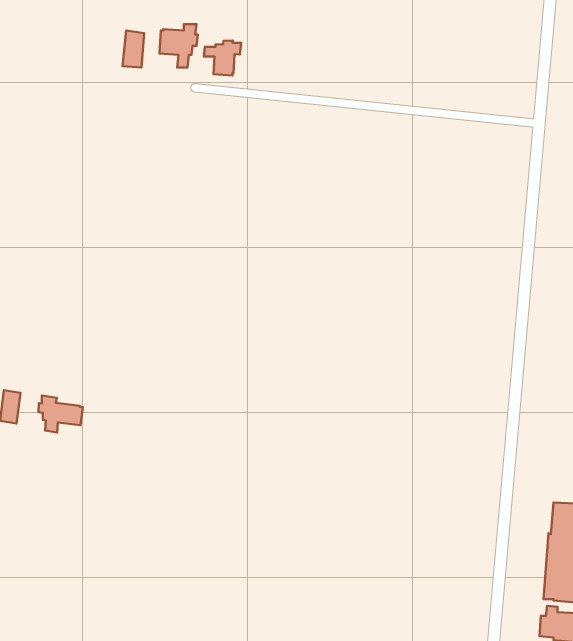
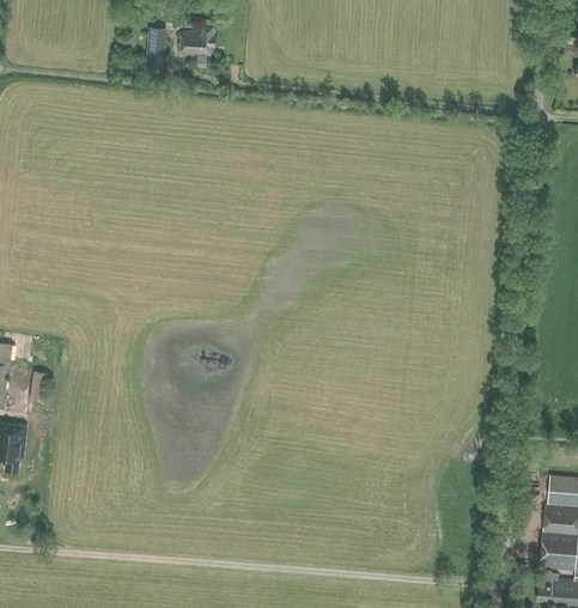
building: [204,41,241,75] -> none
building: [38,396,83,432] -> none

